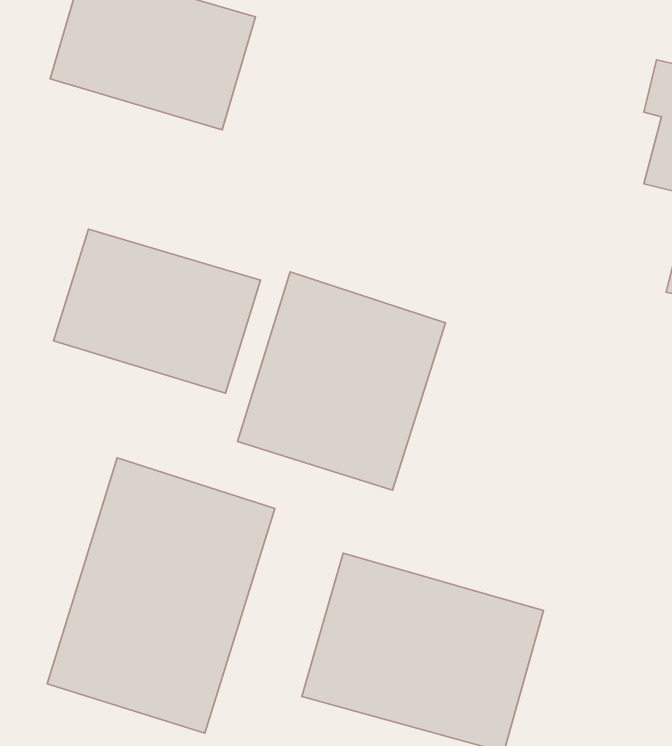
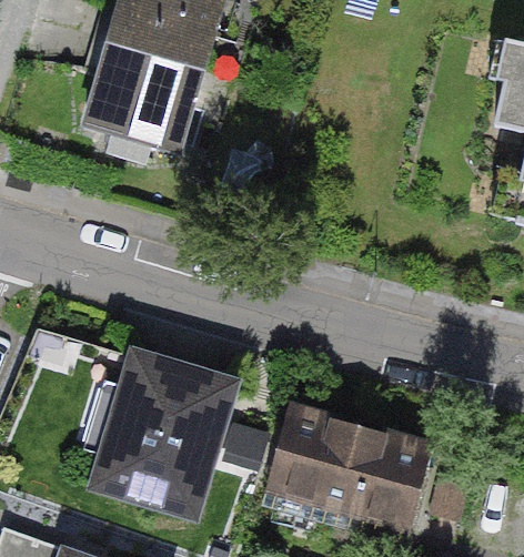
building: [54,229,260,393] -> [64,65,209,180]
building: [238,272,445,490] -> none

